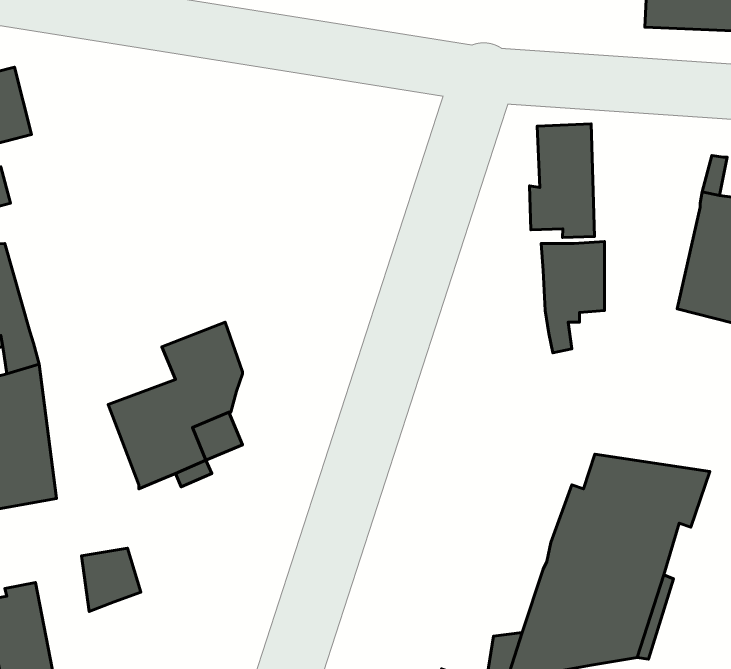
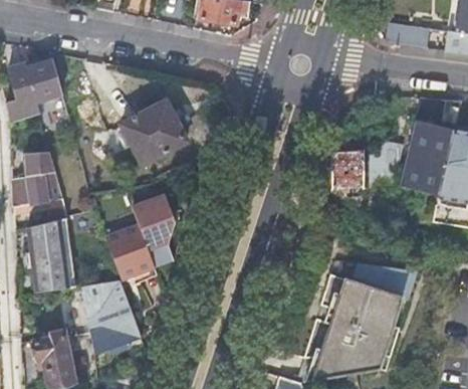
building: [530,124,594,238] -> none
building: none -> [120,102,185,165]
building: none -> [82,279,138,336]

